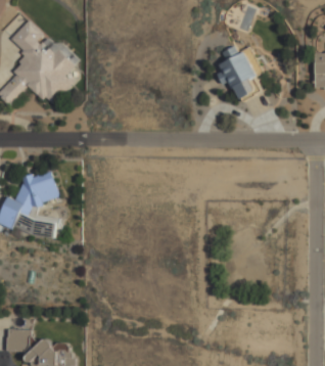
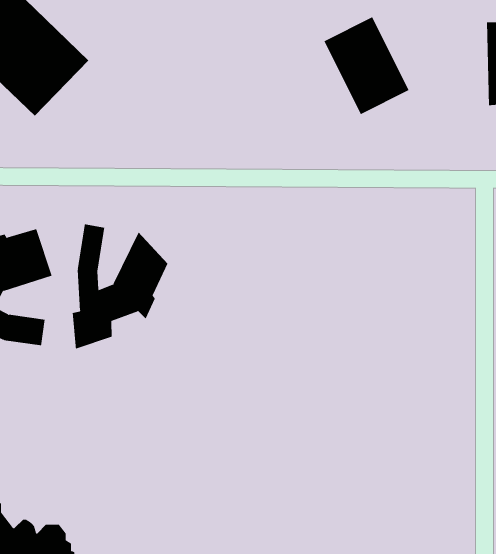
building: none -> [72,223,168,349]

